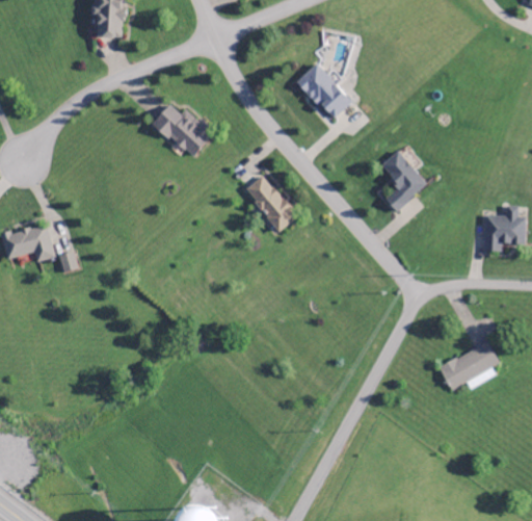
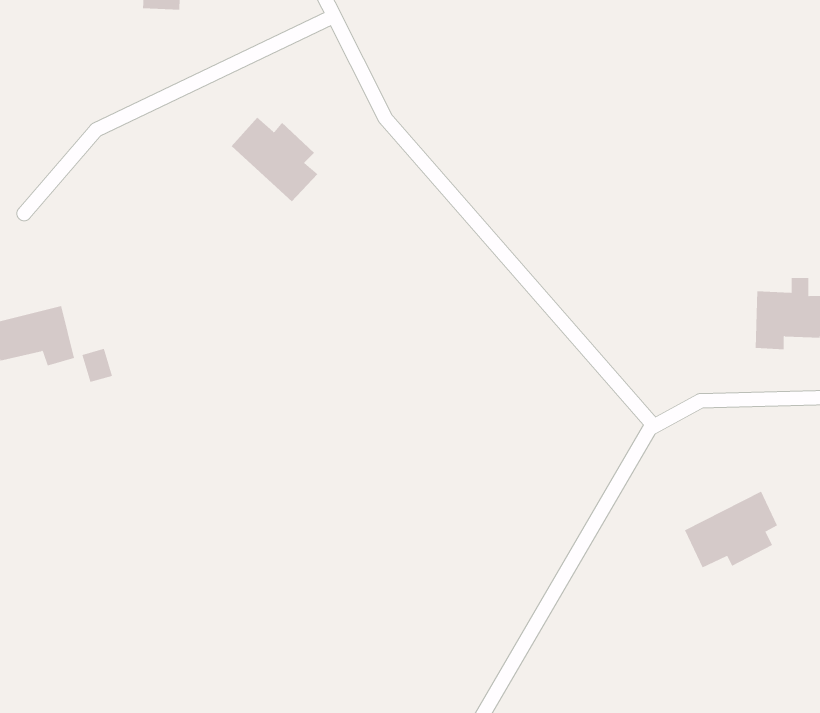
building: [297,63,352,120] -> none
building: [380,151,427,211] -> none
building: [244,175,297,232] -> none

